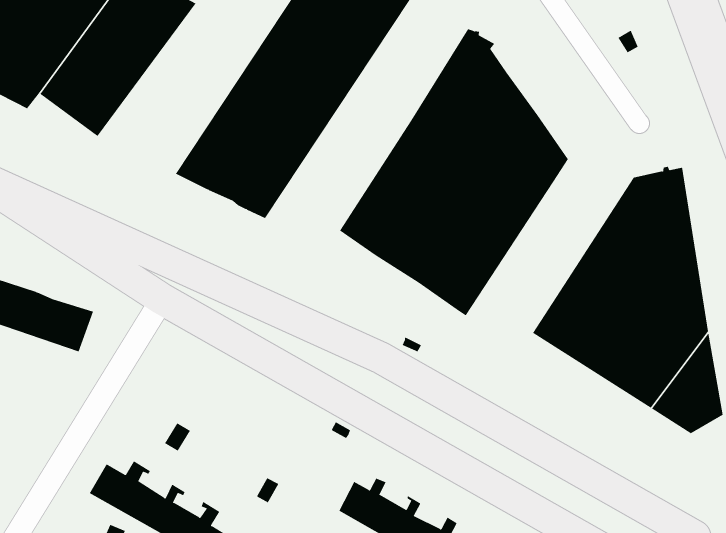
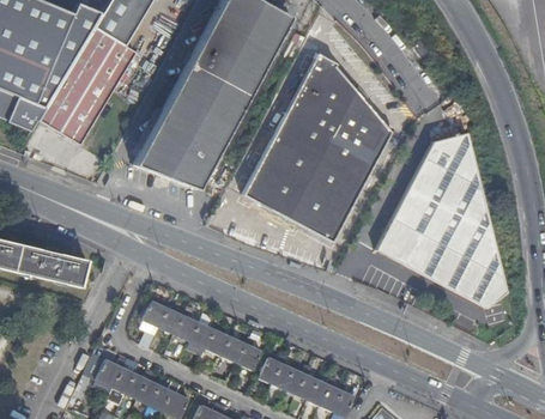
building: none -> [144,296,262,370]

